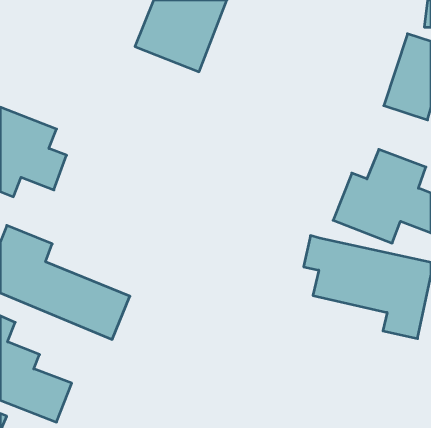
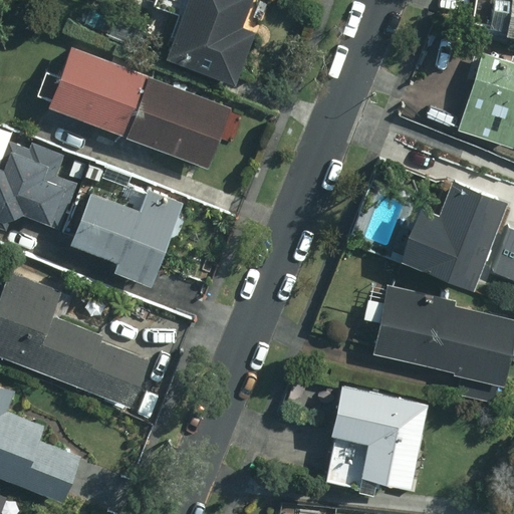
building: none -> [53,47,229,168]
building: none -> [72,194,180,287]
building: none -> [328,382,425,487]

